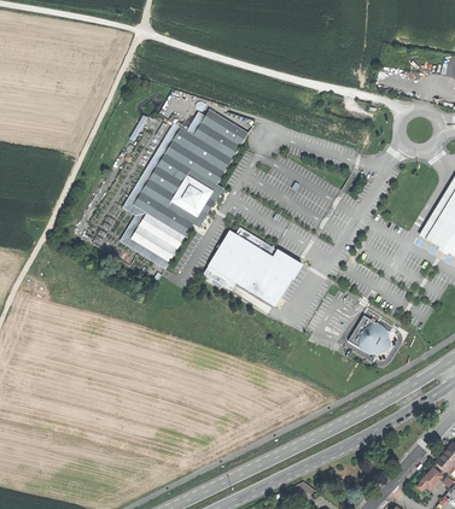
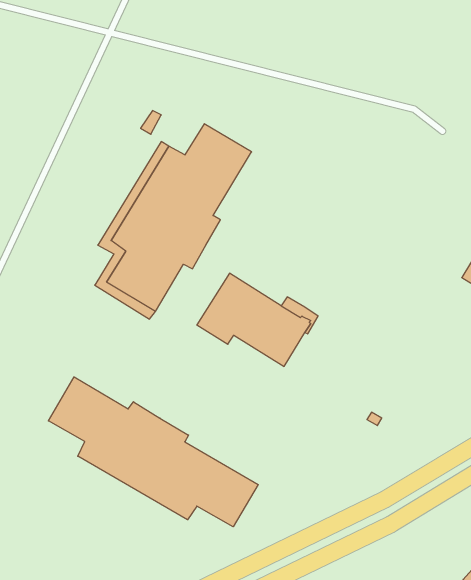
building: [349,315,391,353] -> none
building: none -> [48,377,258,527]

